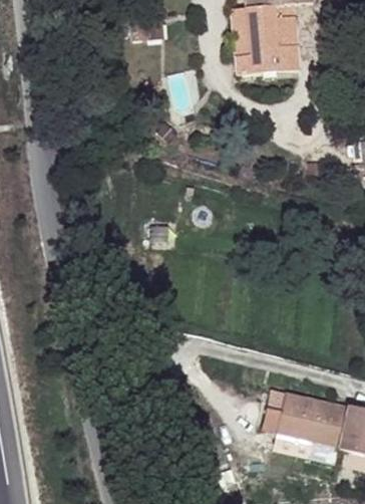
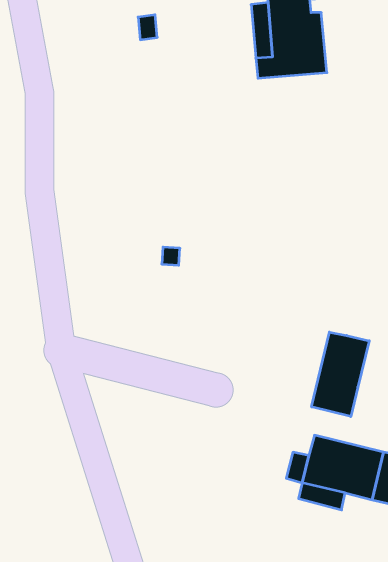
building: none -> [312,332,369,417]

